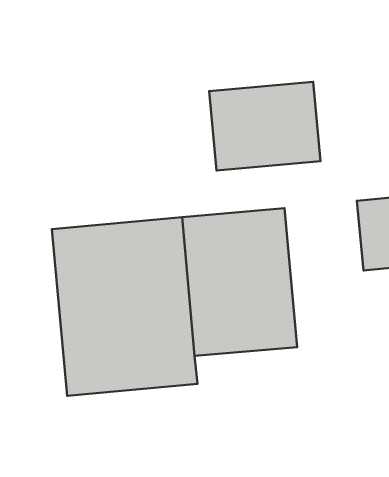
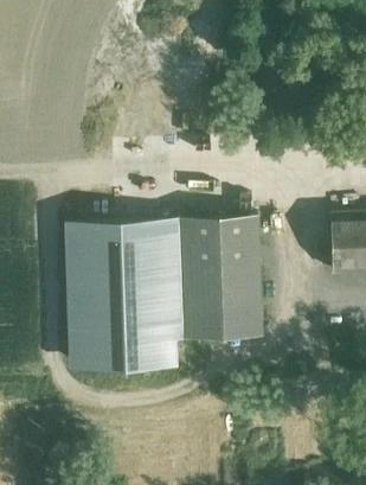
building: [209,82,321,171] -> none

